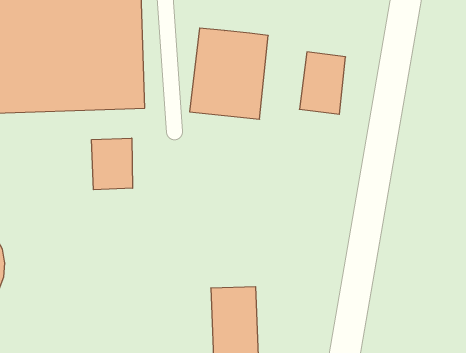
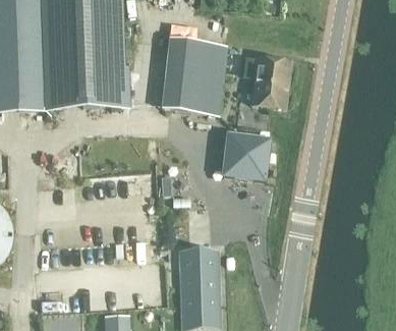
building: [92,138,133,190] -> none
building: none -> [223,134,268,180]

